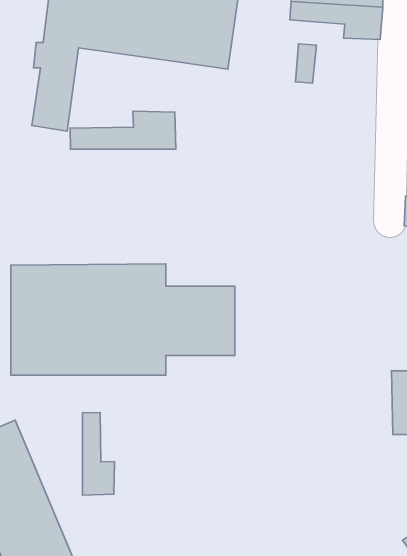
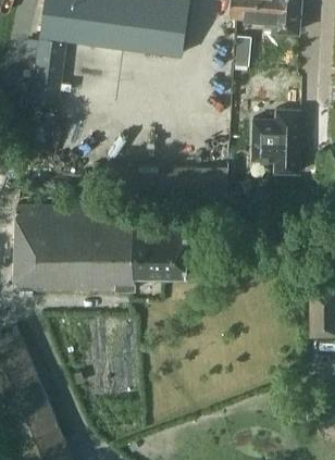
building: [70,111,176,149] -> none
building: none -> [259,111,300,174]
building: [82,413,115,495] -> none

